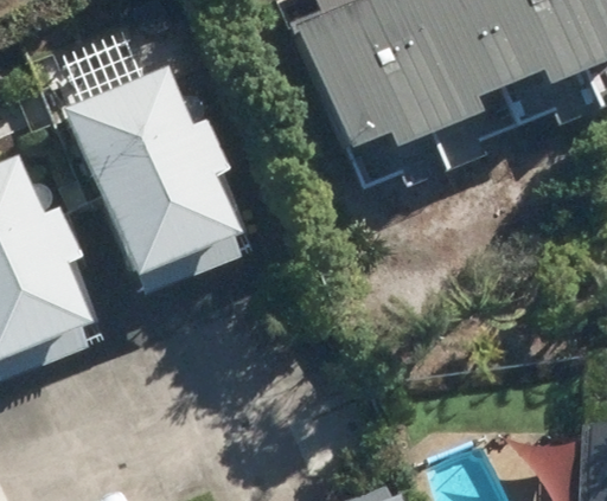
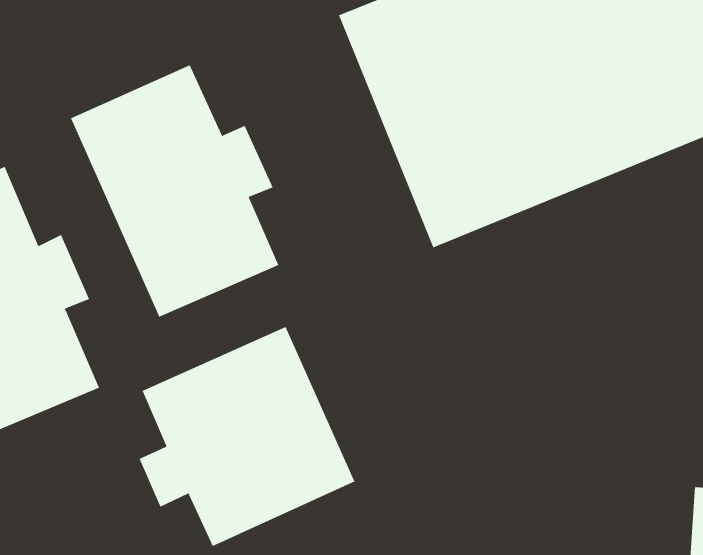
building: none -> [139,326,355,547]

